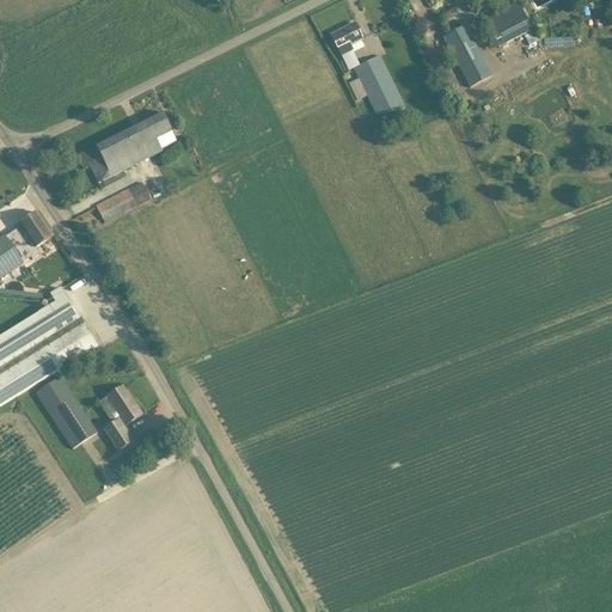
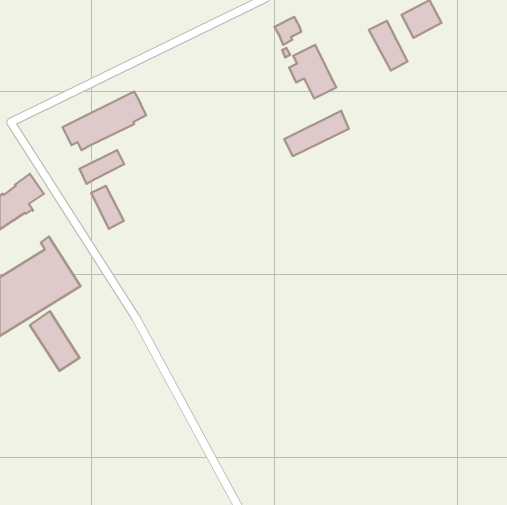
building: none -> [284,111,349,156]
building: none -> [91,186,124,229]
building: [102,384,141,449] -> none

